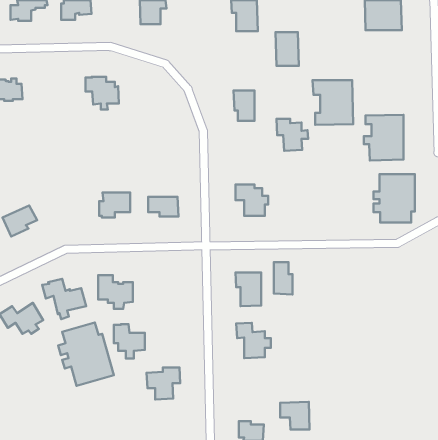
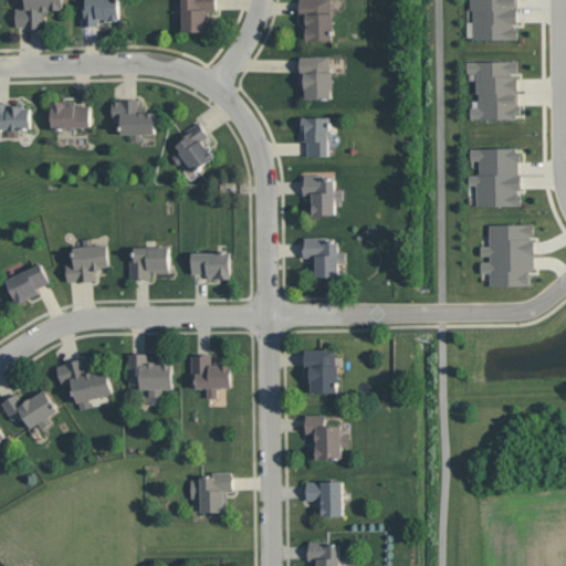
building: [276,32,299,66] -> [300,56,329,99]
building: none -> [49,102,88,130]
building: [313,80,353,125] -> [464,62,516,119]
building: none -> [170,125,212,172]
building: [276,119,308,151] -> [301,175,342,216]
building: none -> [64,239,106,283]
building: [274,262,292,294] -> none
building: [58,322,114,386] -> none
building: [114,324,145,359] -> [189,354,229,398]
building: [280,402,310,430] -> [304,481,342,516]

